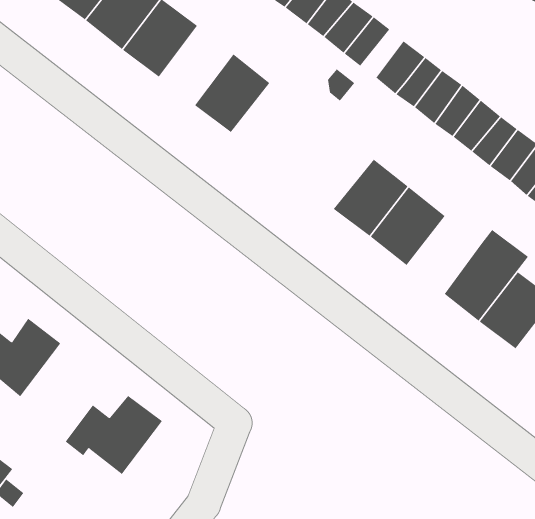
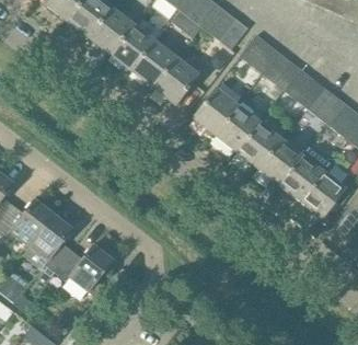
building: none -> [112,26,155,73]
building: none -> [154,60,199,106]
building: none -> [193,88,239,135]
building: none -> [258,139,302,185]
building: none -> [23,215,73,277]

